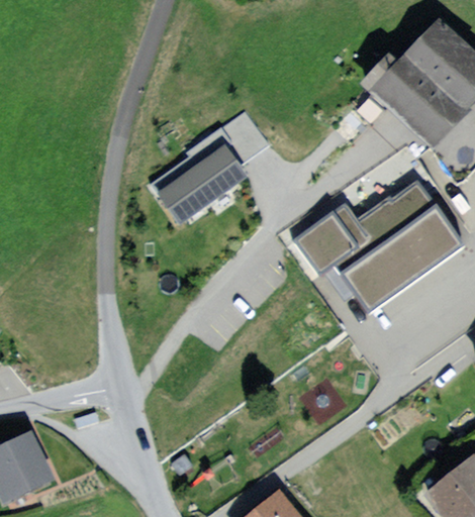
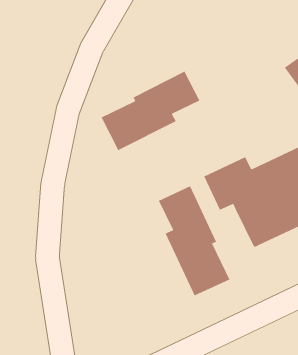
building: none -> [158,185,231,297]

